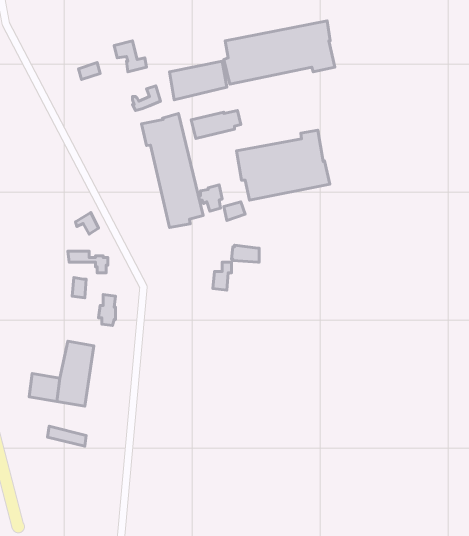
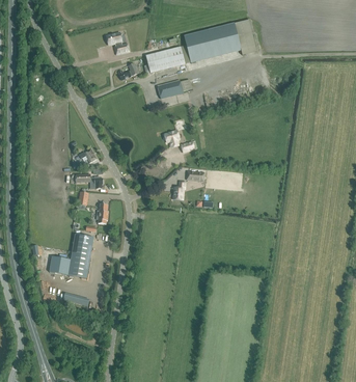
building: [142,113,203,228] -> none
building: [237,130,330,200] -> none

